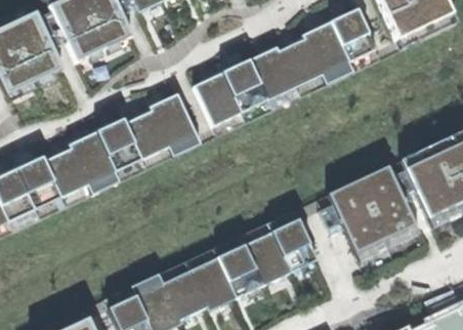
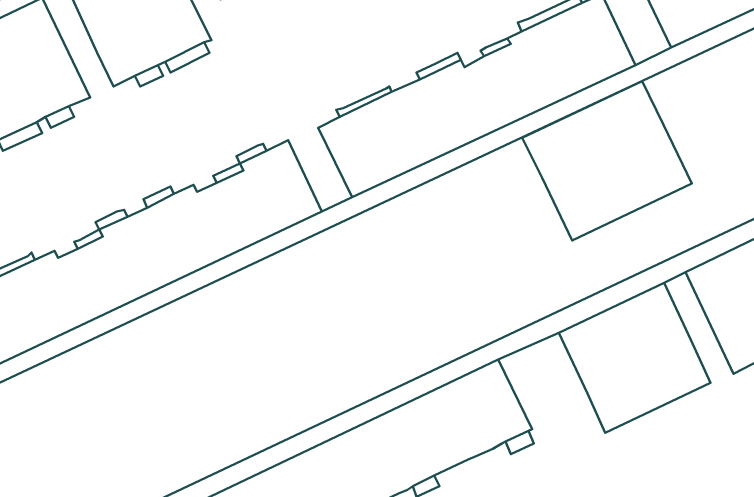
building: none -> [522,81,692,241]

